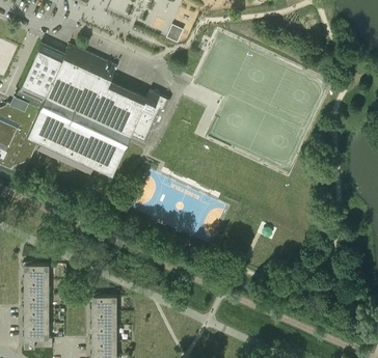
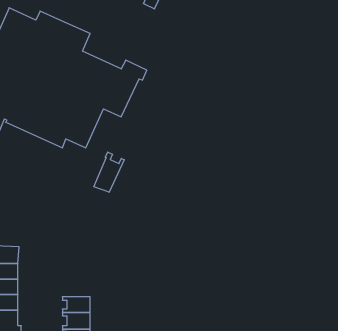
building: none -> [94,152,124,192]
building: [90,295,117,312] -> none

